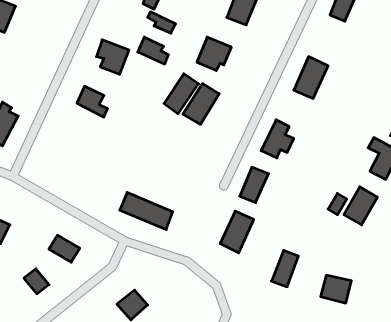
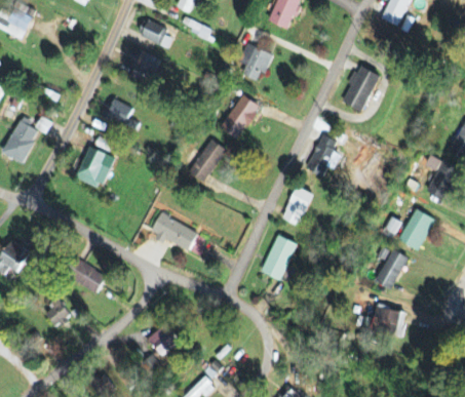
building: [138,37,168,64] -> [138,18,171,48]
building: [164,74,199,114] -> [189,138,227,183]
building: none -> [76,148,113,188]
building: [271,250,298,287] -> [376,249,405,289]

